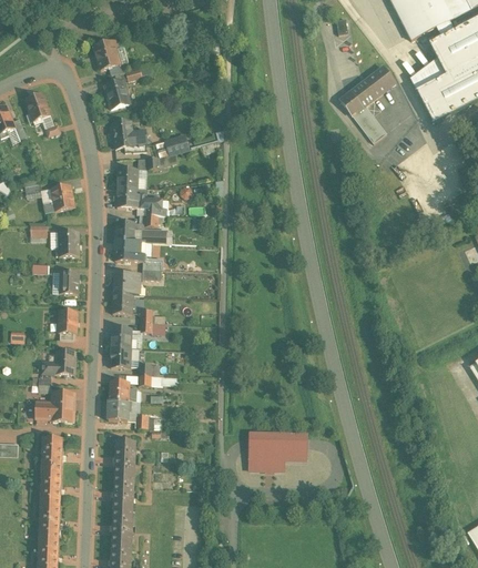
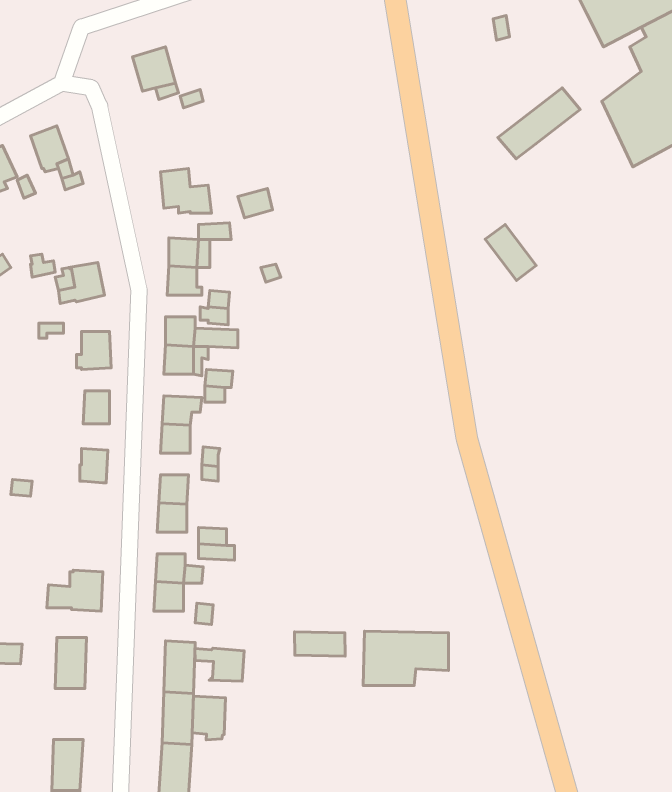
building: [105,80,131,108] -> none
building: [353,104,387,142] -> [485,224,536,280]
building: [43,349,77,374] -> none
building: none -> [295,632,345,656]
building: none -> [195,648,244,681]
building: [41,471,62,506] -> none
building: none -> [192,696,225,740]

